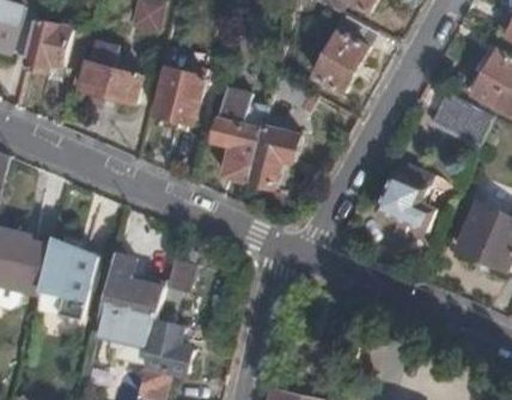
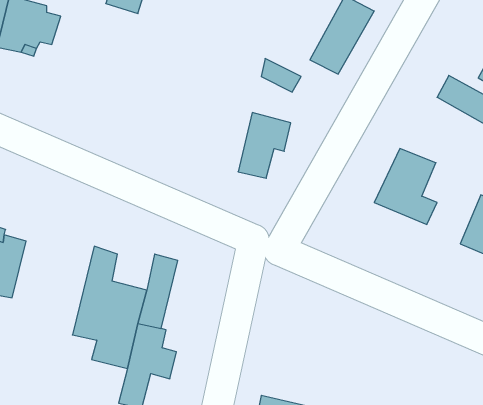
building: [80,40,140,102] -> none
building: [154,67,205,122] -> none
building: [215,89,267,181] -> none
building: [36,246,98,319] -> none

